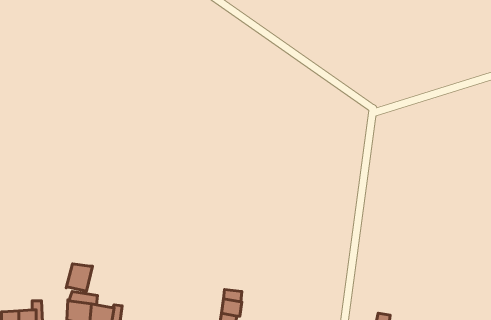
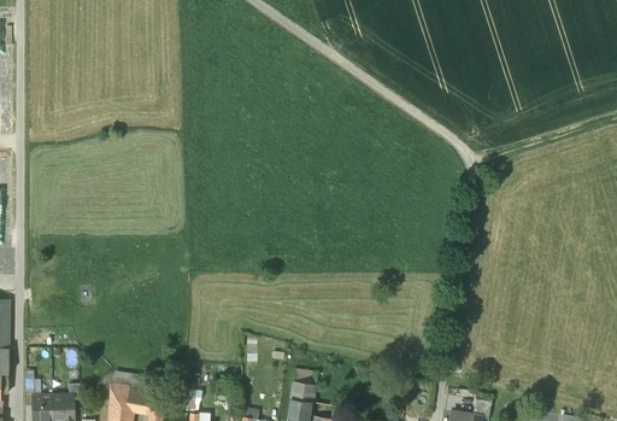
building: [66,264,92,291] -> none

